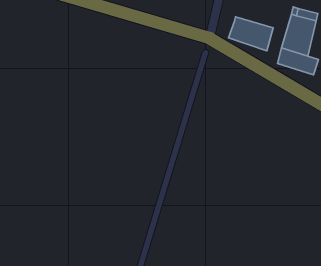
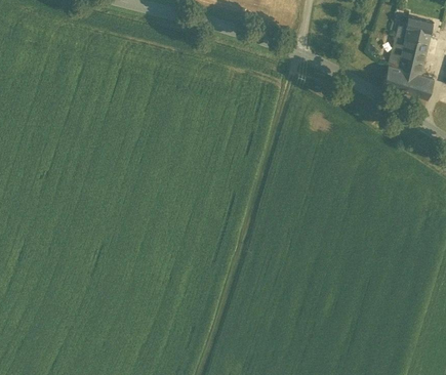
building: [229,17,273,51] -> none

